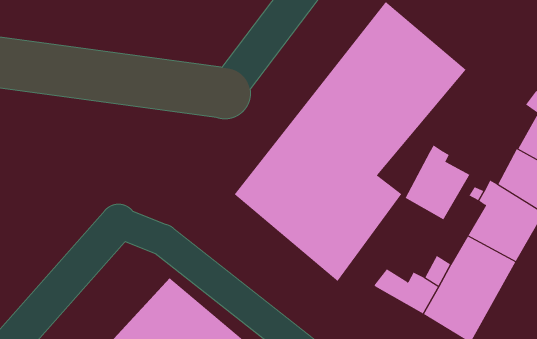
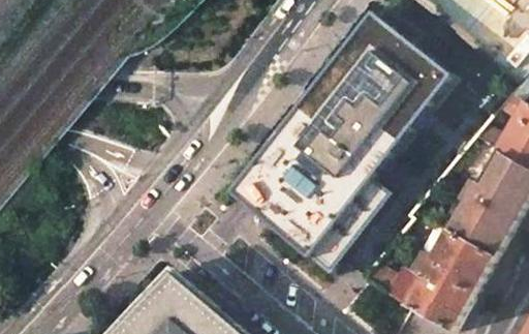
building: [405,145,470,220] -> none

